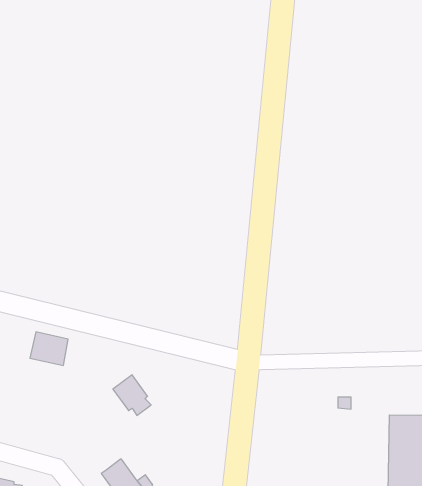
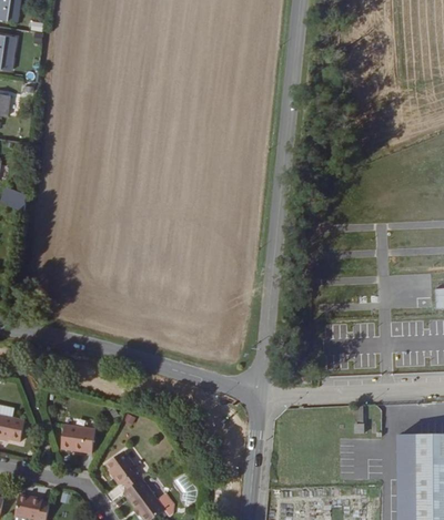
building: [30,332,68,365] -> [64,422,100,453]
building: [113,375,151,415] -> [108,450,143,488]

